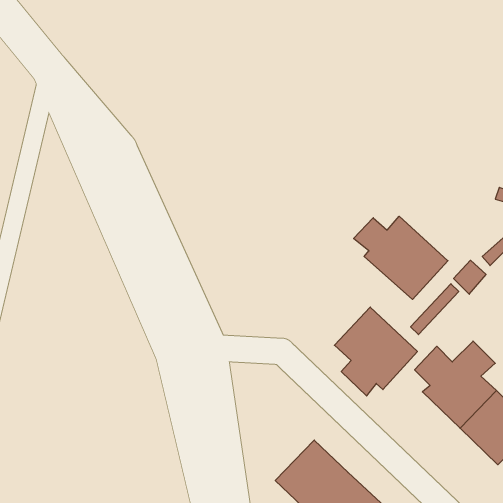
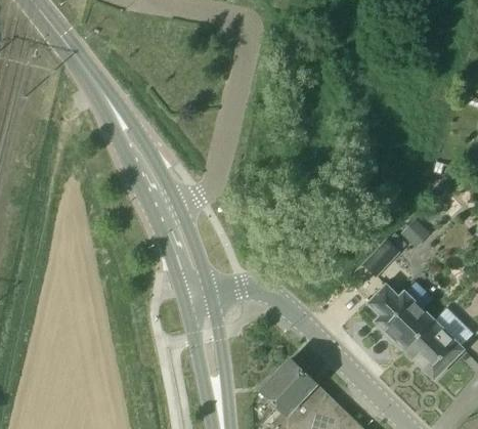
building: [354,216,448,299] -> none
building: [334,307,417,396] -> none

